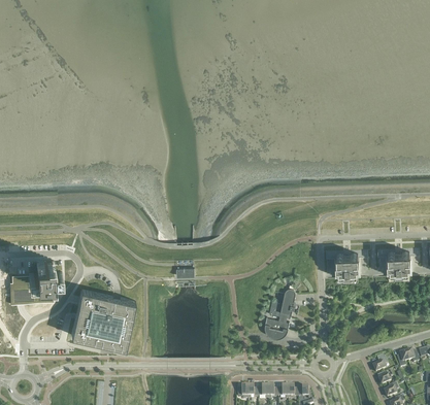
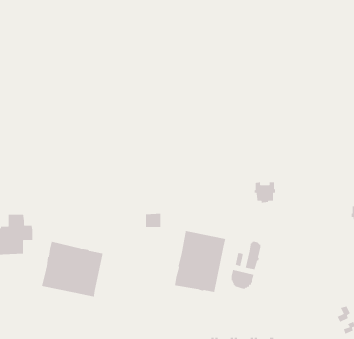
building: [335,252,358,275] -> [254,181,276,204]
building: none -> [174,230,226,293]

